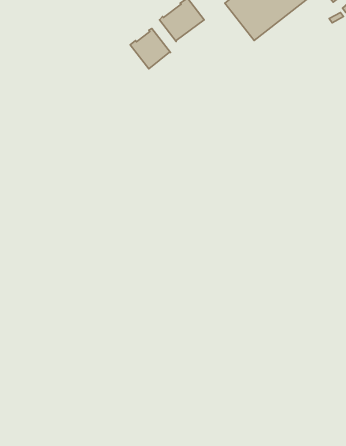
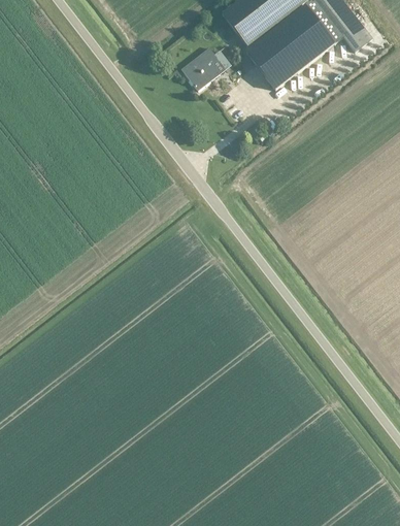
building: [130,29,170,69] -> none

